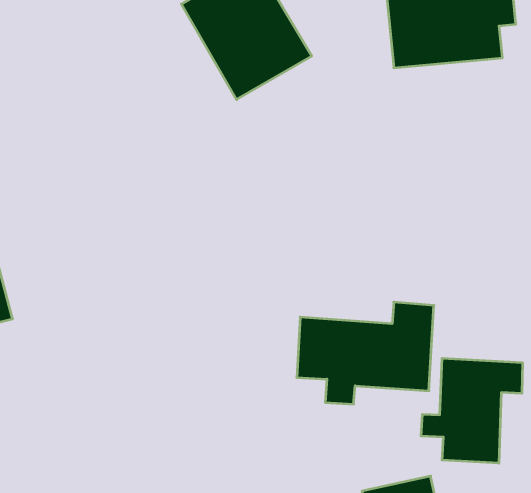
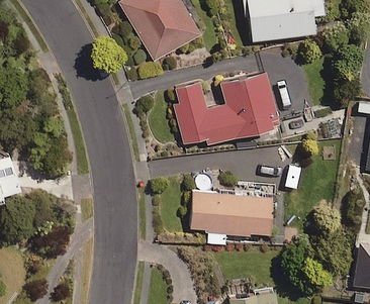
building: none -> [176,76,278,146]
building: [421,358,522,463] -> none

